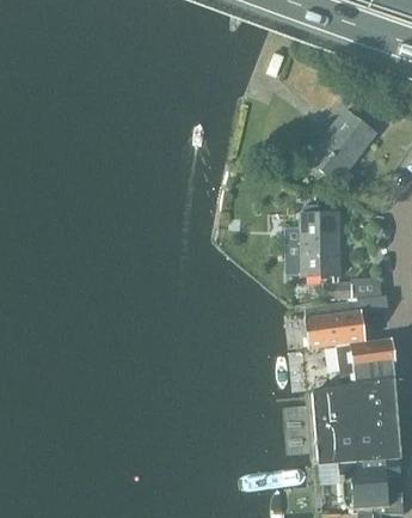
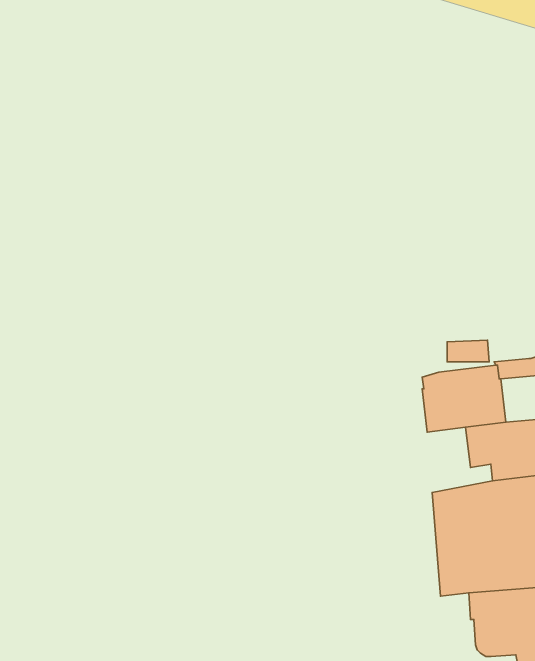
building: [309,110,376,182] -> none
building: [302,213,339,275] -> none

